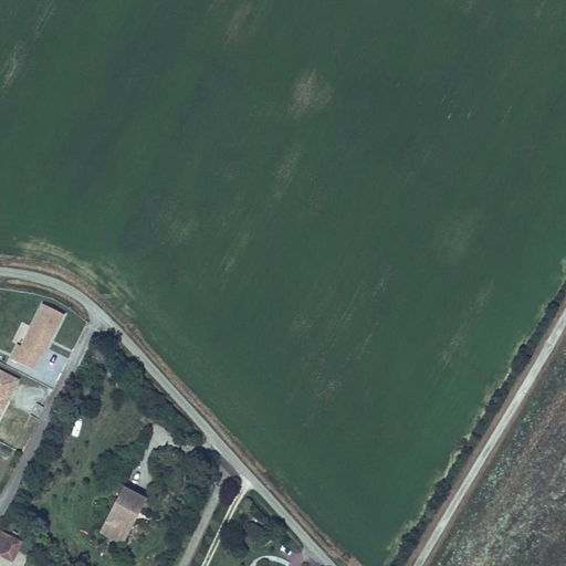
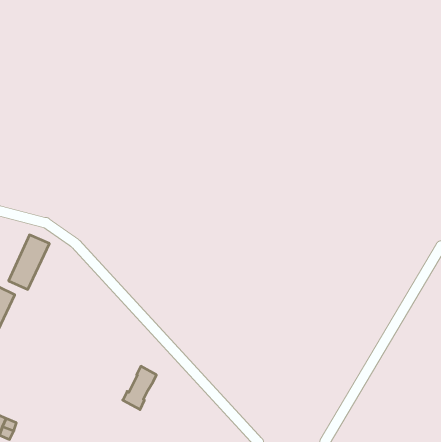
building: [99,489,143,544] -> [123,366,156,410]

